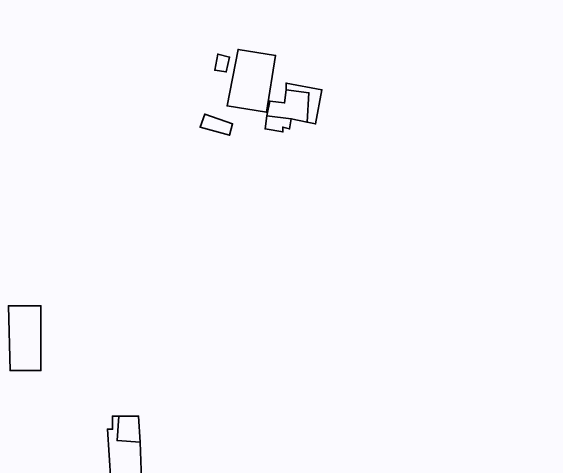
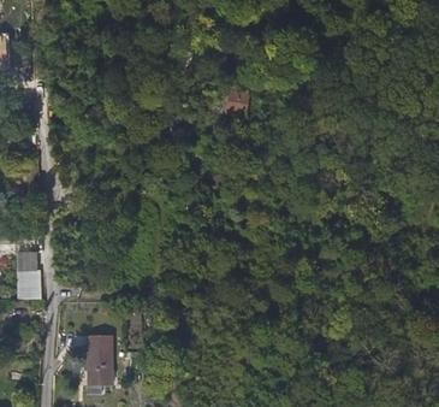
building: [227,49,276,112] -> none

